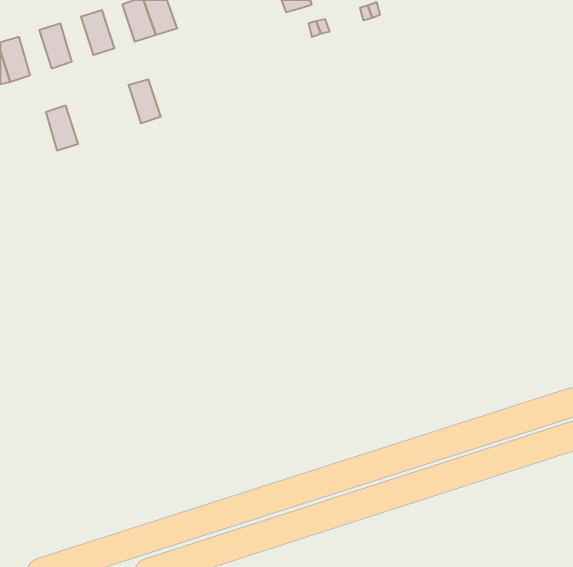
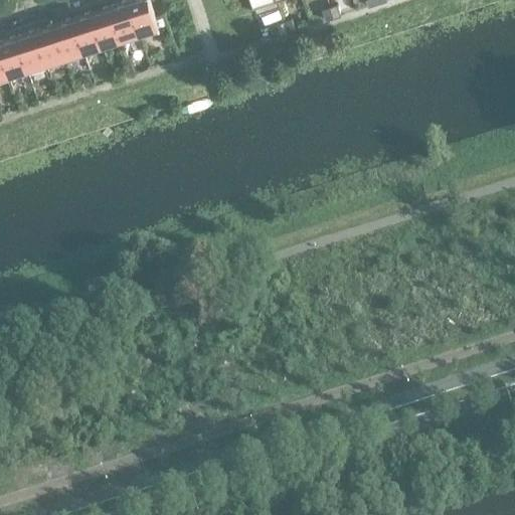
building: none -> [54,20,83,60]
building: [128,80,161,123] -> [92,9,121,48]
building: [46,106,78,150] -> [17,32,46,72]

